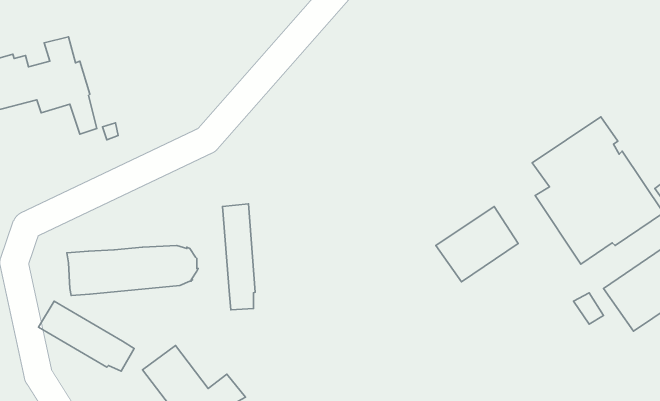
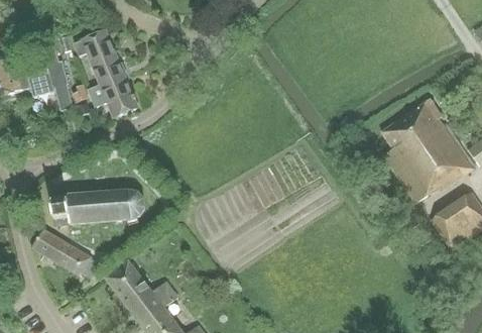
building: none -> [75,30,137,116]
building: [223,204,255,310] -> none
building: [436,206,518,282] -> none

